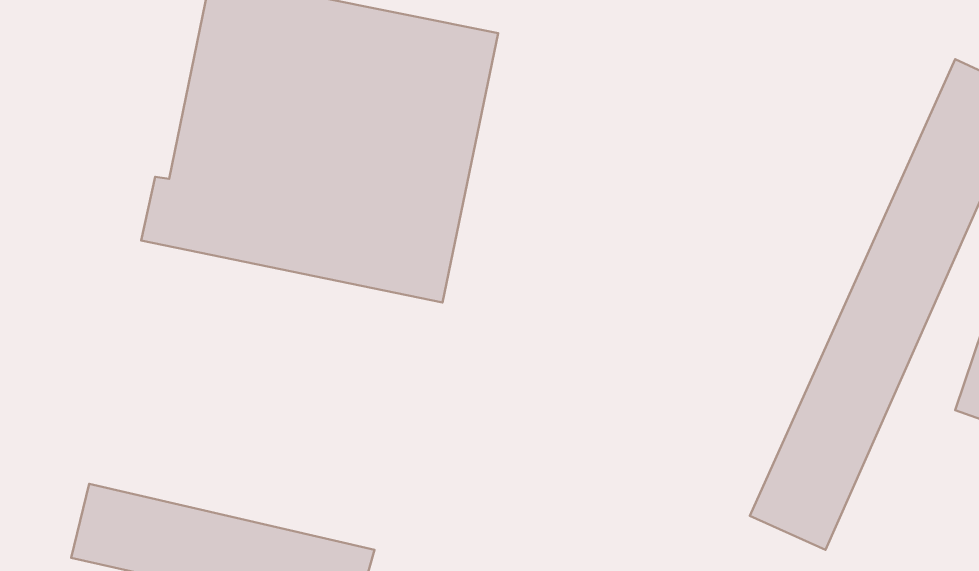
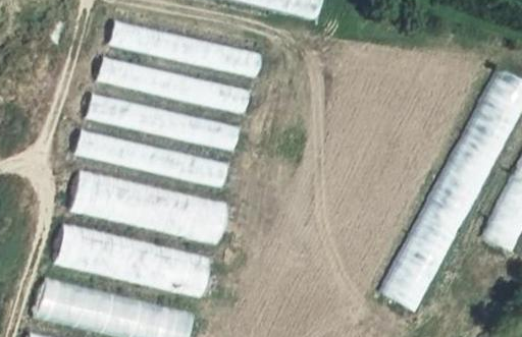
building: none -> [71,170,228,245]
building: none -> [56,226,211,297]

